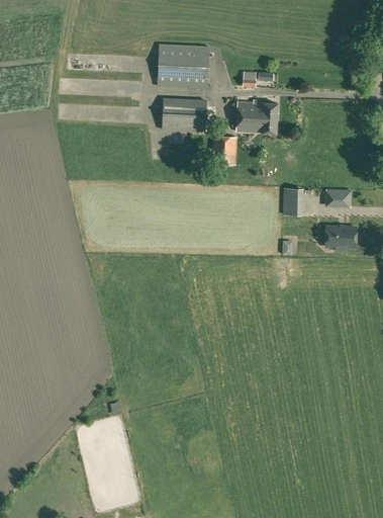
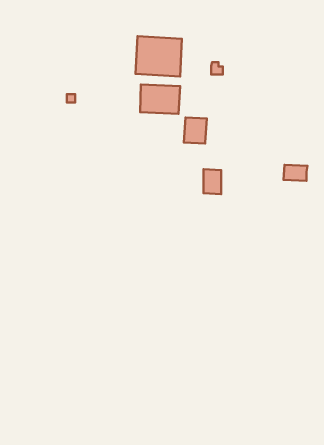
building: [235,99,278,134] -> none
building: [283,187,303,215] -> [203,169,221,194]
building: [325,226,356,251] -> none

